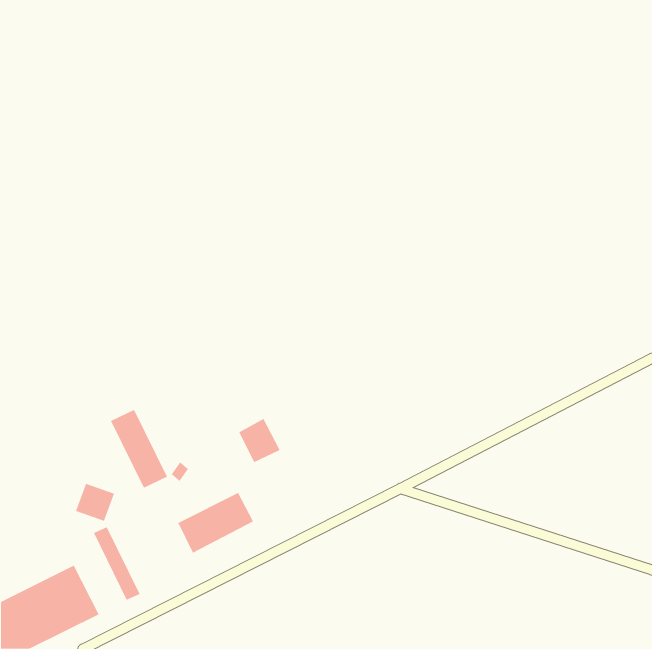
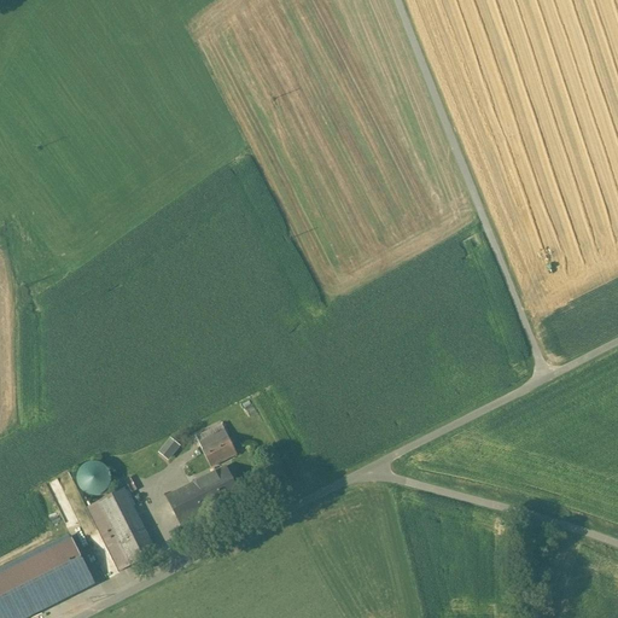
building: [110,409,168,488] -> [101,488,156,562]
building: [238,418,281,463] -> [197,422,237,465]

